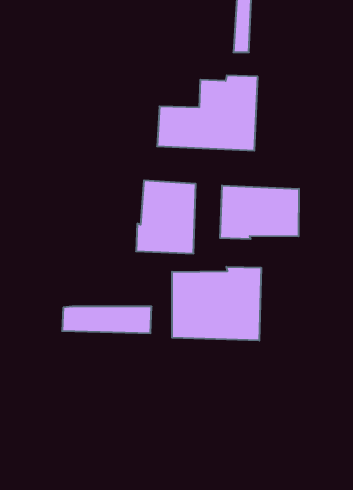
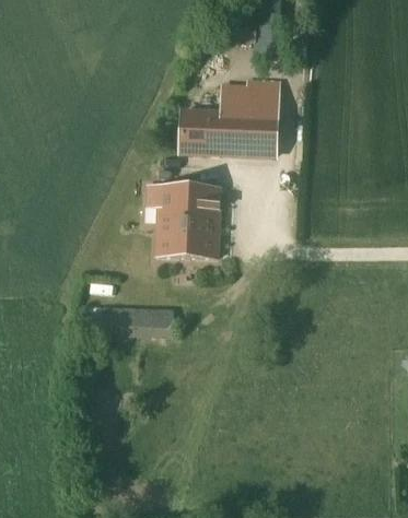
building: [220,185,299,239] -> none
building: [172,267,261,341] -> none

